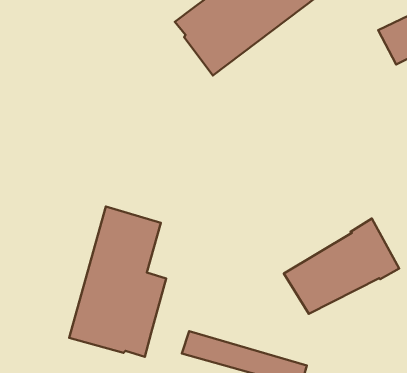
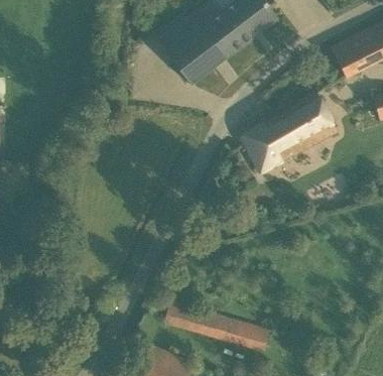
building: [69,207,166,357] -> none
building: [284,219,399,314] -> [240,92,338,172]

